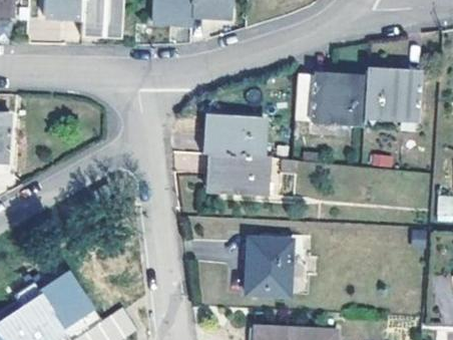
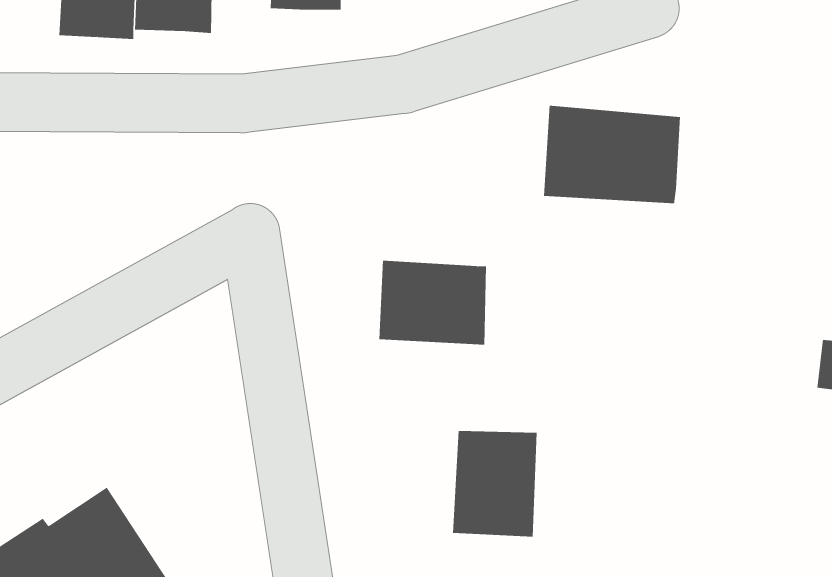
building: [364,69,419,117] -> none
building: [204,113,264,154] -> none

